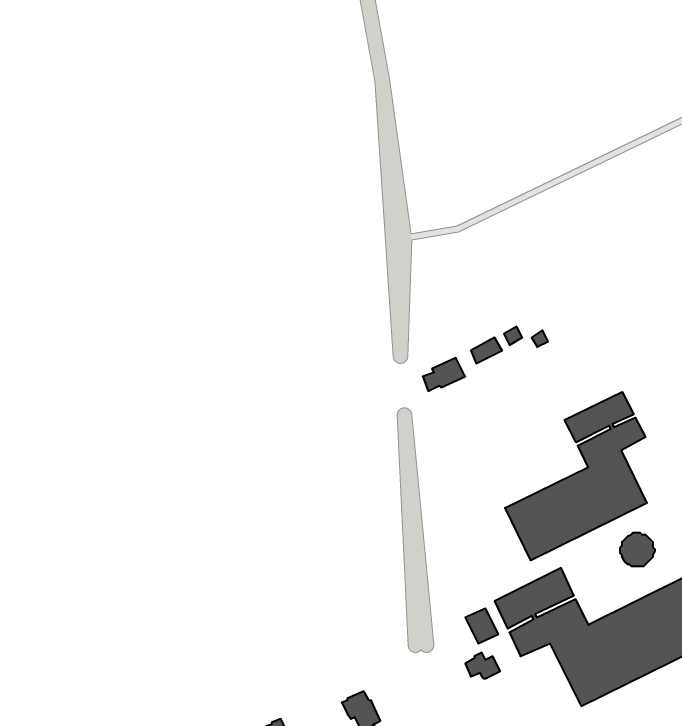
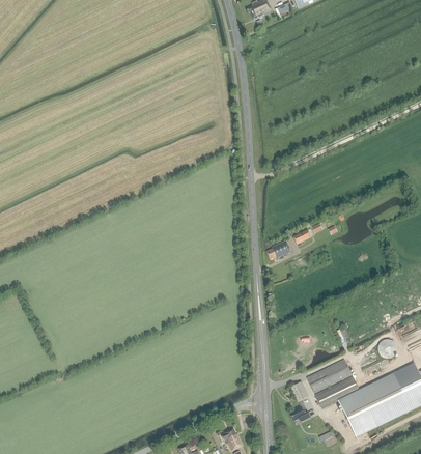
building: [505,392,647,560] -> none

